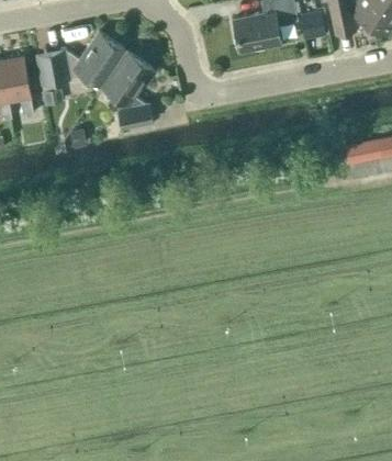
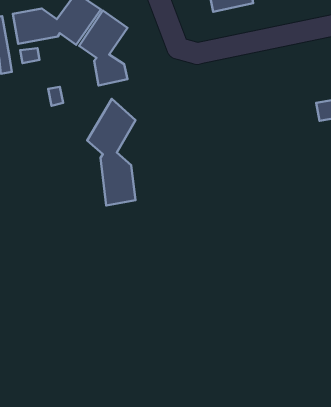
building: none -> [87,99,135,206]

